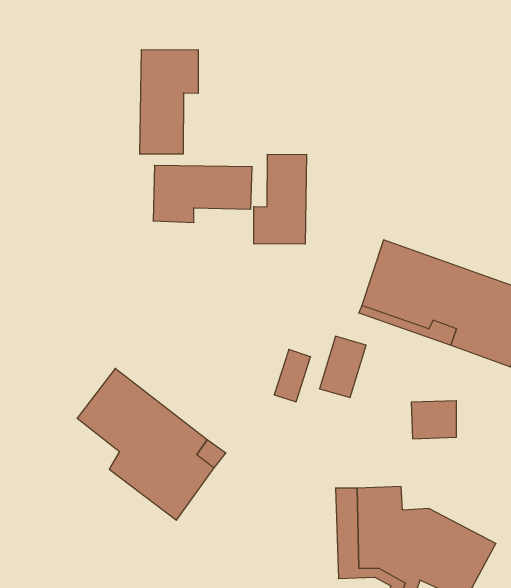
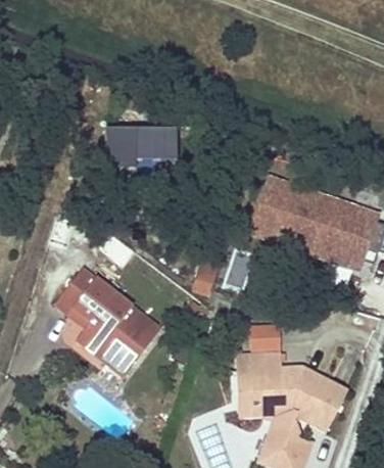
building: [140,50,198,154] -> none
building: [254,154,306,244] -> none
building: [411,401,456,439] -> [250,325,282,352]

